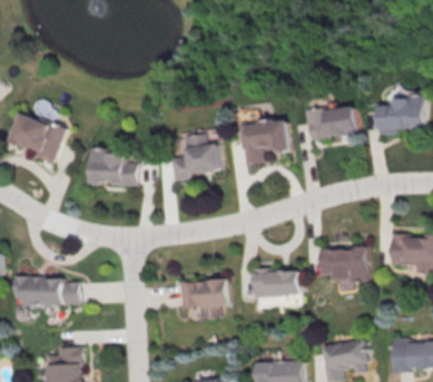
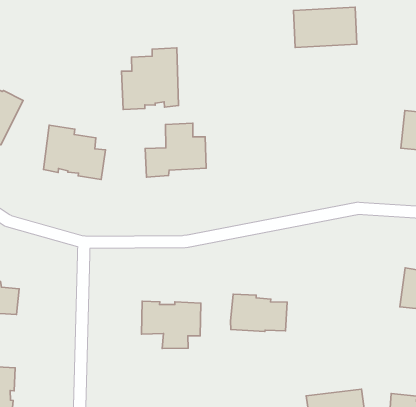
building: none -> [121,48,179,110]
building: [305,101,360,139] -> [293,7,357,48]
building: [243,118,291,164] -> none
building: [317,246,367,282] -> none

